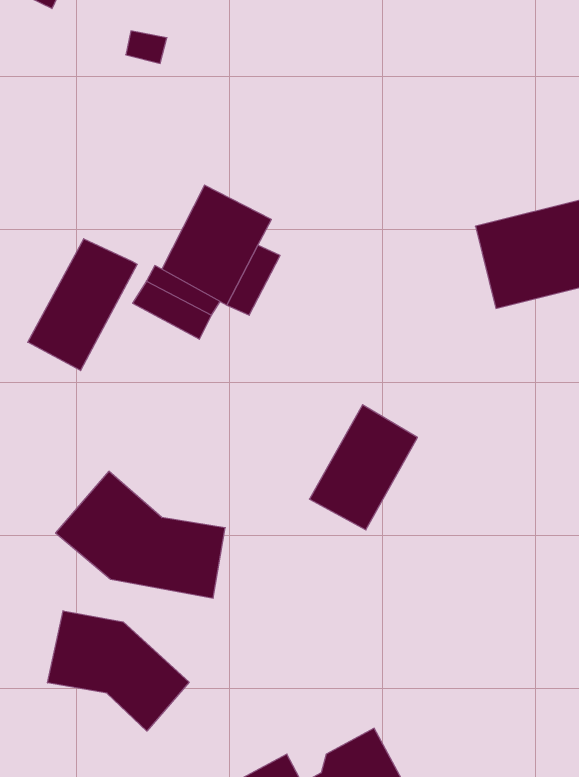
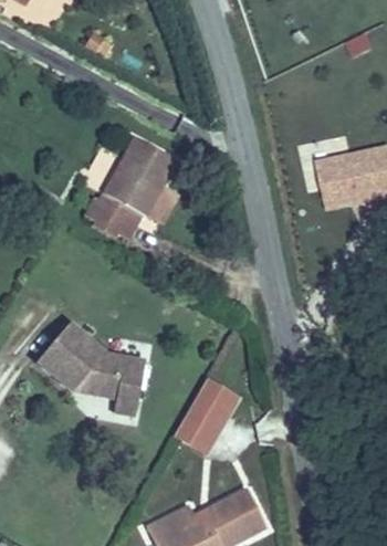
building: [28,239,137,371] -> none
building: [309,405,417,530] -> [170,379,240,460]
building: [48,611,189,731] -> none

